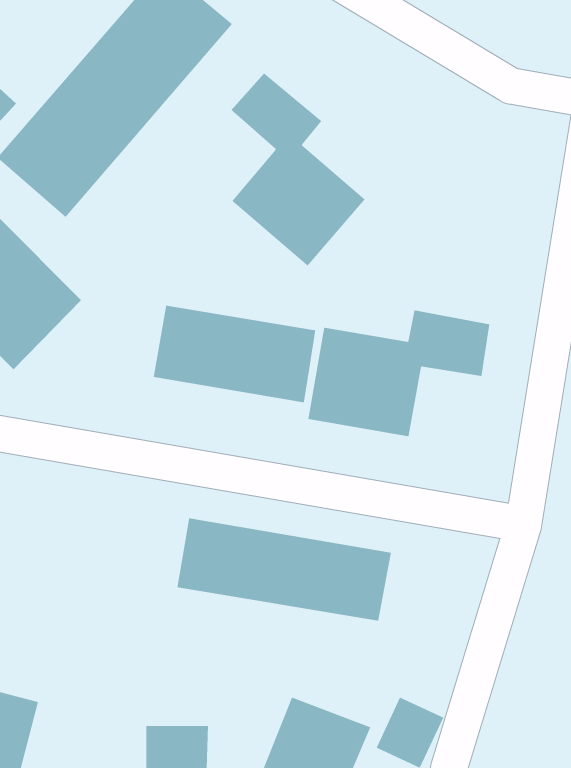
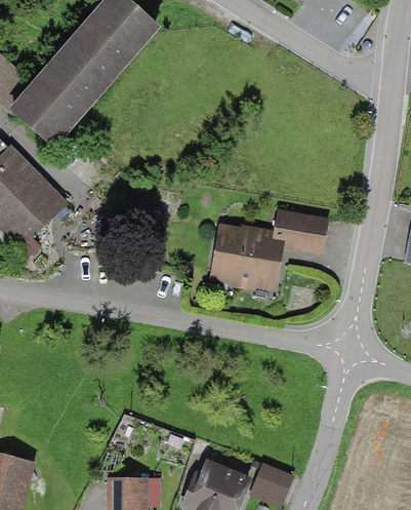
building: [230,73,366,267] -> none
building: [153,305,316,403] -> none
building: [177,517,391,622] -> none

